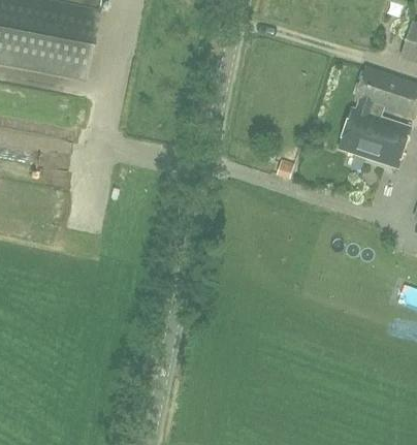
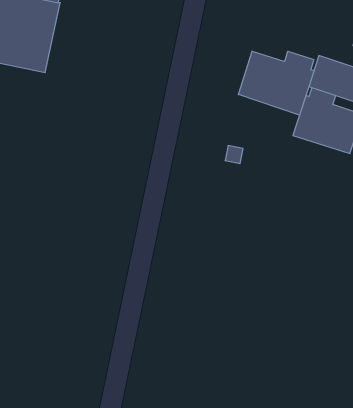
building: none -> [238,51,314,115]

